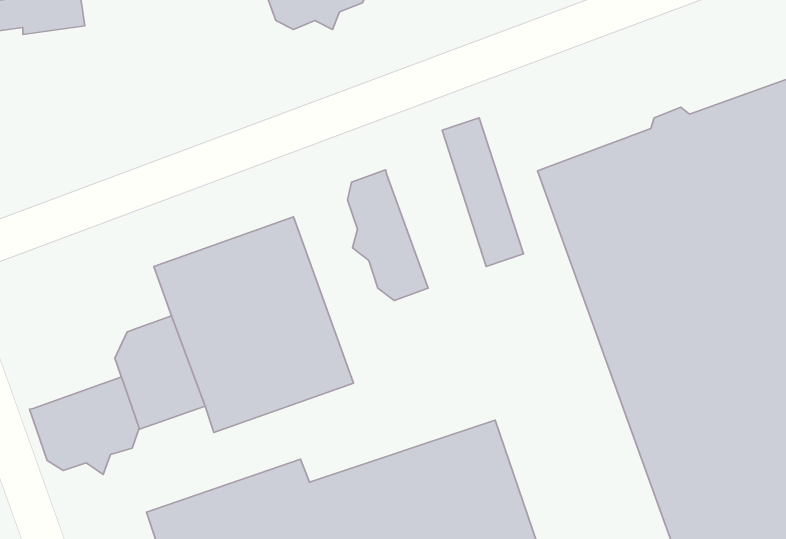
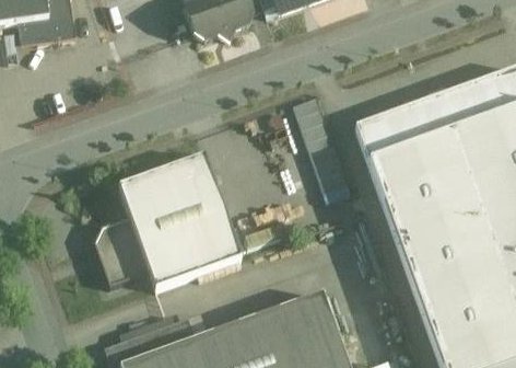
building: [347,170,428,301] -> none
building: [29,377,139,474] -> none

